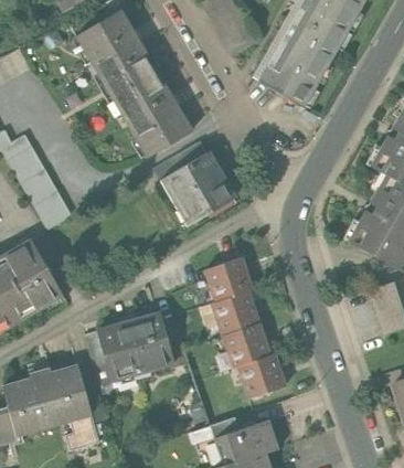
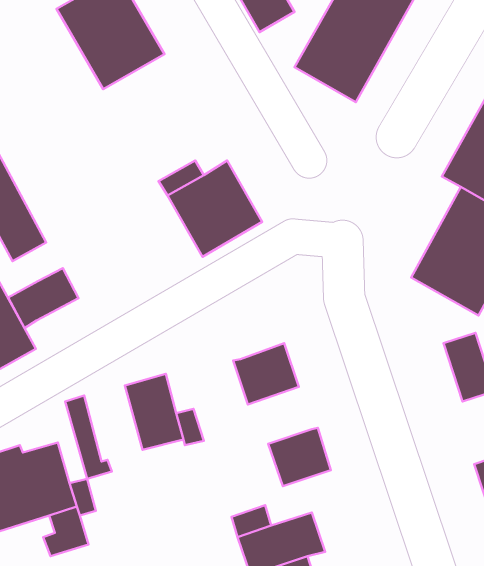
building: [113,72,193,159] -> none
building: none -> [8,268,78,328]
building: [204,257,253,302] -> none
building: [98,322,142,380] -> none
building: [222,323,270,369] -> none

